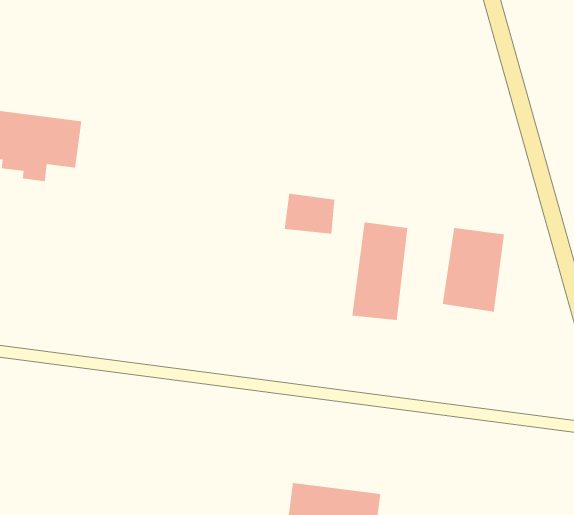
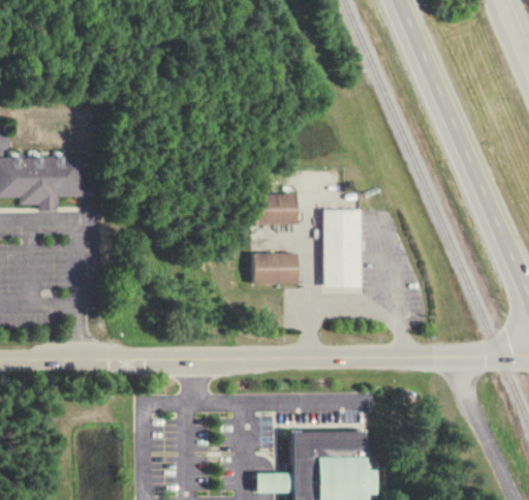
building: [442,227,504,312] -> none
building: none -> [253,253,300,284]

